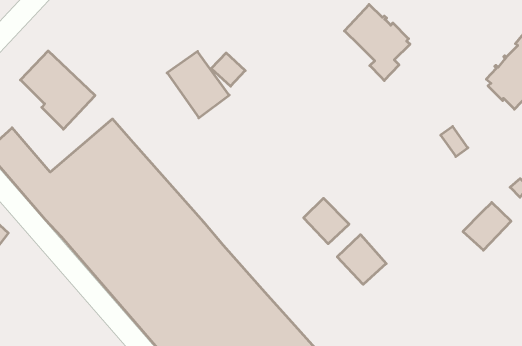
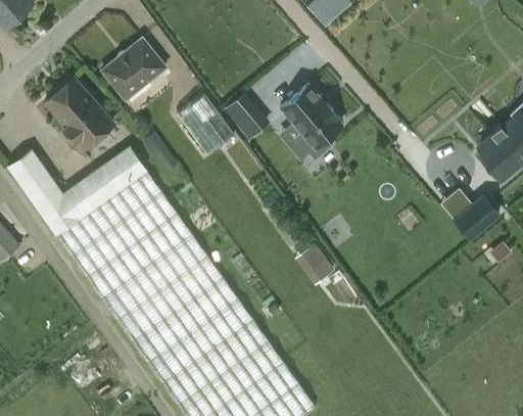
building: [344,4,410,81] -> [282,85,342,157]
building: none -> [102,41,165,101]
building: [463,202,511,250] -> [454,195,500,239]
building: [337,235,386,284] -> none

